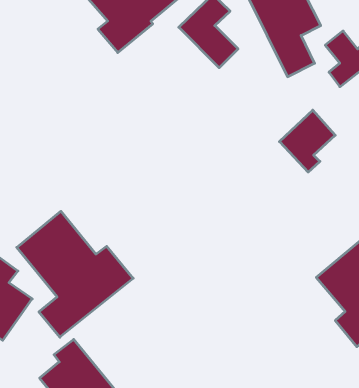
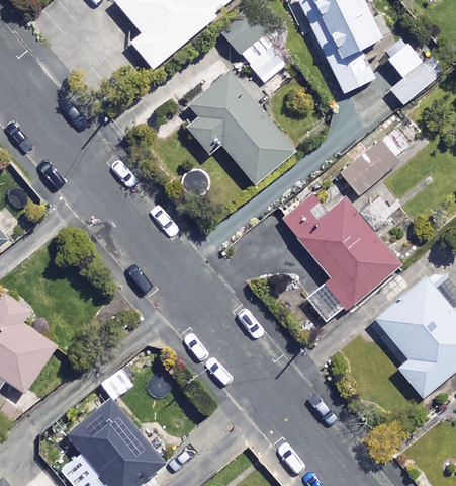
building: none -> [186,72,293,185]
building: none -> [284,193,400,307]
building: [17,211,133,337] -> none

